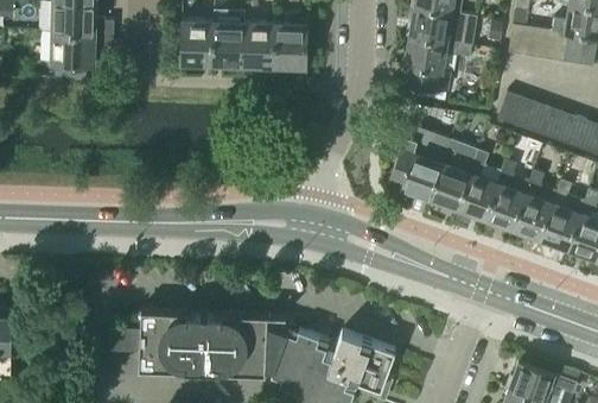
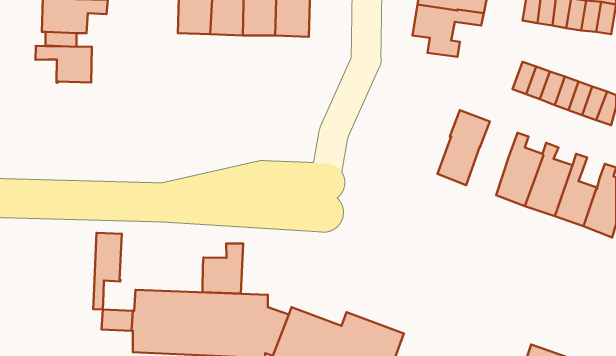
building: none -> [36,46,92,83]
building: [394,124,448,199] -> none
building: [454,149,495,219] -> none
building: none -> [93,233,122,310]
building: none -> [202,243,243,294]

